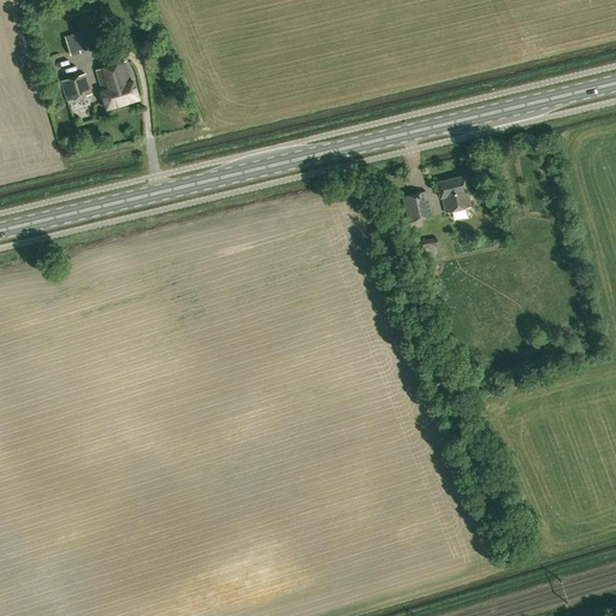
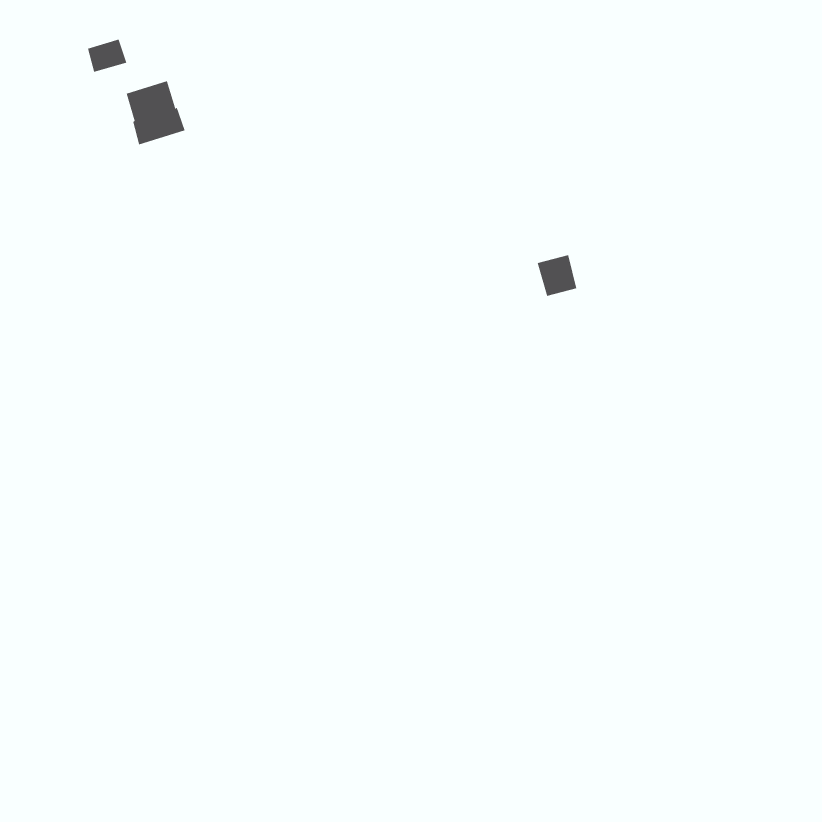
building: [60,73,90,101] -> none
building: [436,174,469,212] -> none

